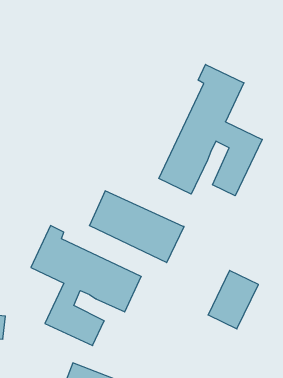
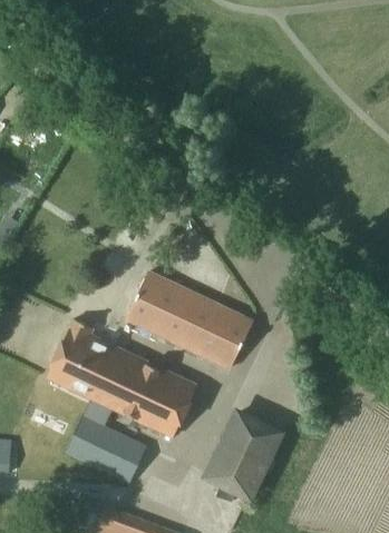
building: [159,64,262,196] -> none
building: [208,270,258,329] -> [210,414,278,493]

